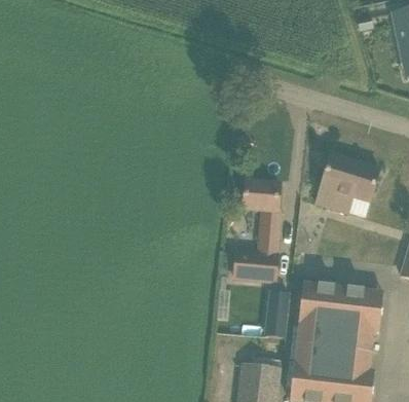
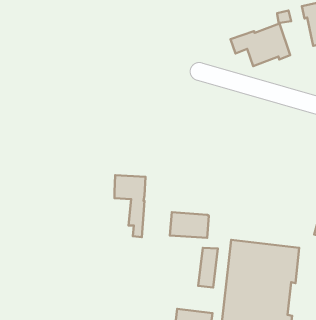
building: none -> [230,24,290,66]
building: [317,153,379,209] -> none
building: [244,180,280,252] -> [114,175,145,237]

